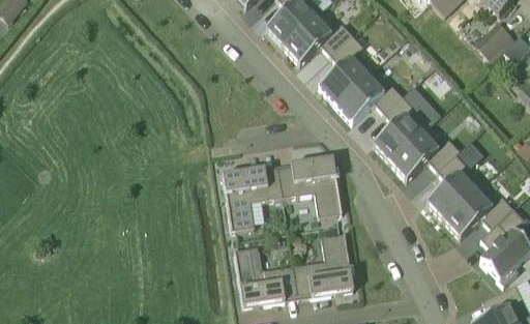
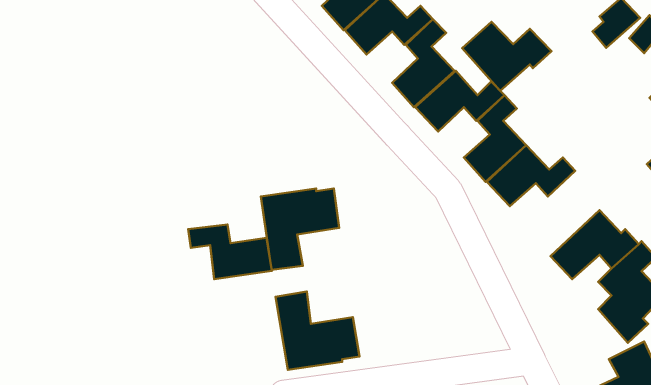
building: none -> [462,22,551,91]
building: [432,153,481,218] -> none
building: [278,156,342,216] -> none
building: none -> [188,225,272,279]
building: [293,233,353,295] -> none

